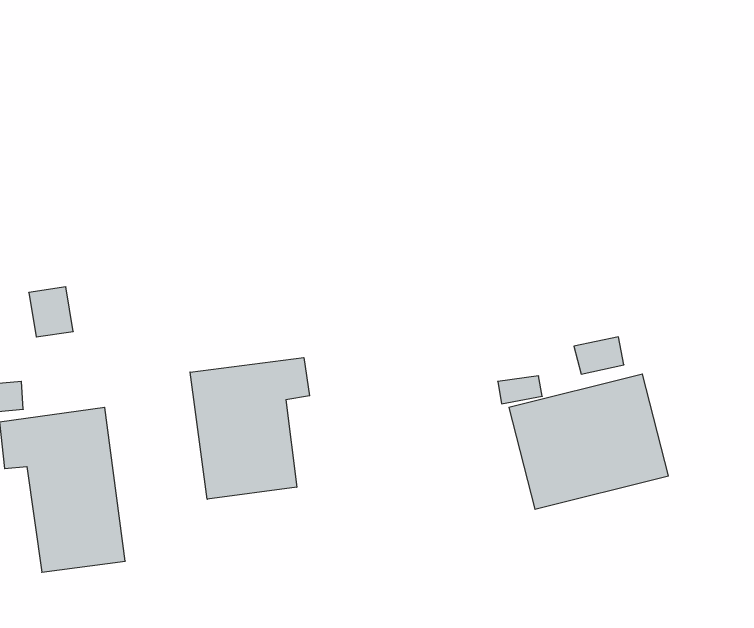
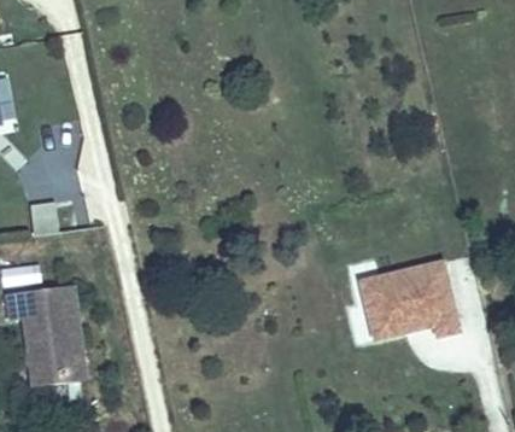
building: [190,358,310,499] -> none

